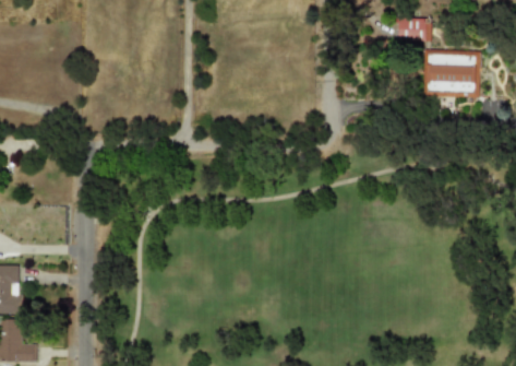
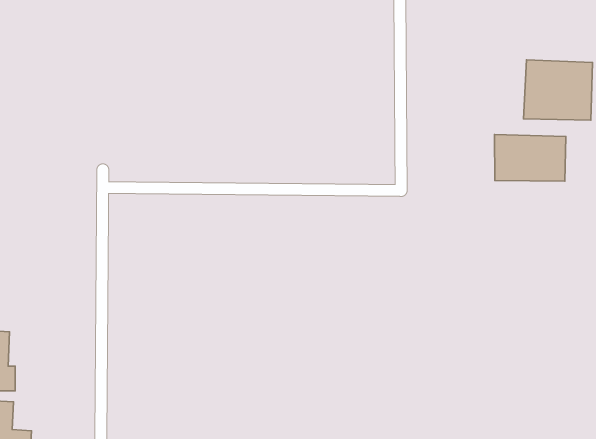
building: [398,17,431,40] -> none
building: none -> [495,135,566,181]

